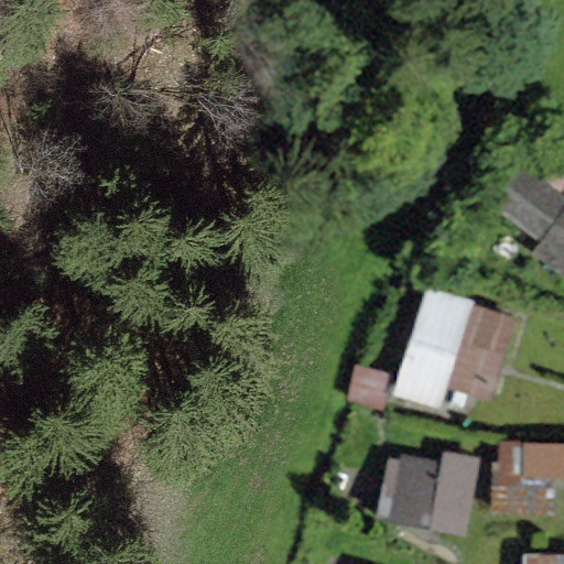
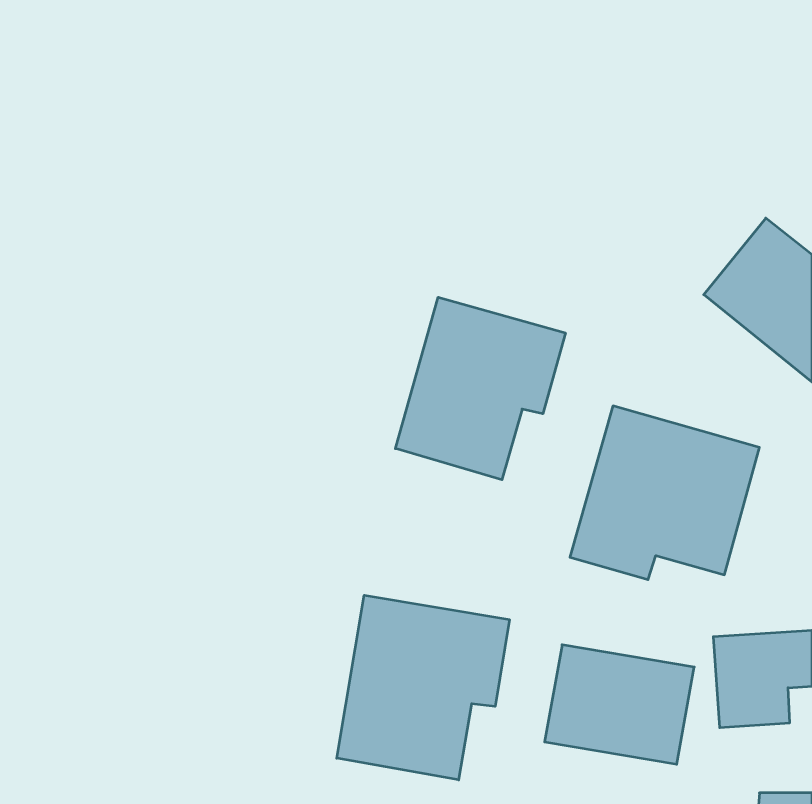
building: none -> [395,297,565,480]
building: none -> [337,595,509,780]

